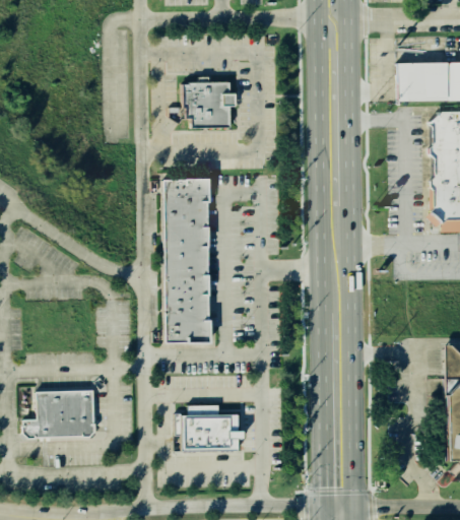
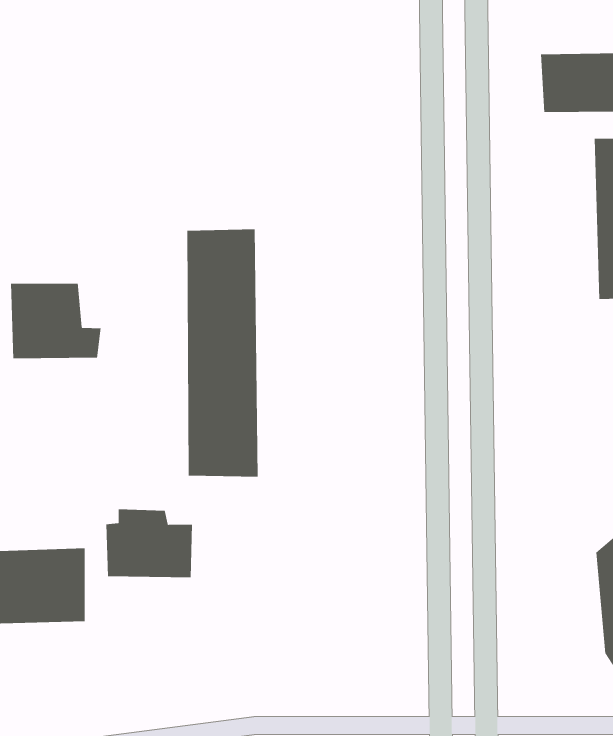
building: [183,80,239,129] -> none
building: none -> [10,283,101,359]
building: [183,404,241,450] -> [106,509,193,578]

